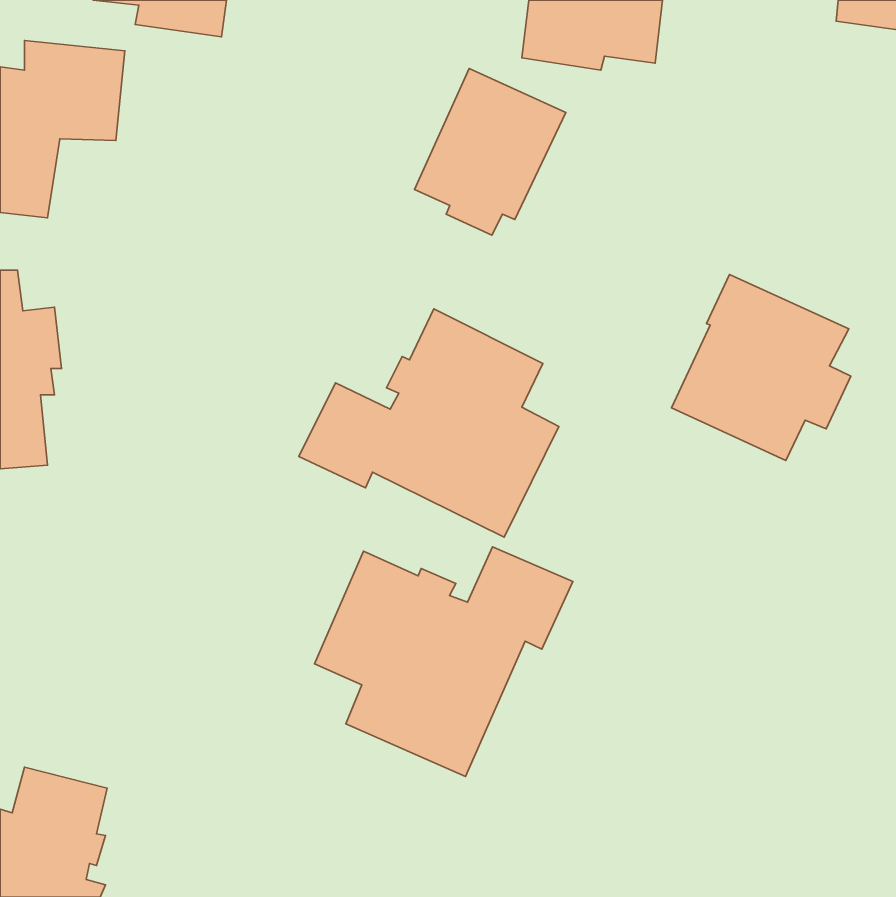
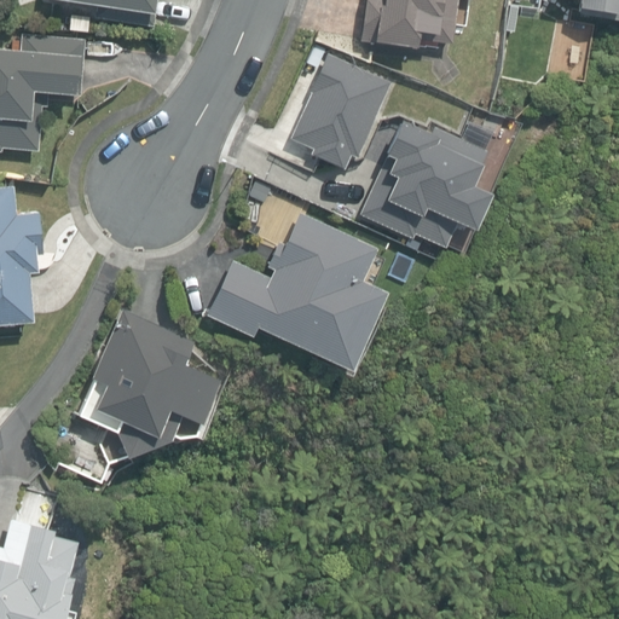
building: [671,274,851,460] -> [360,116,484,244]
building: none -> [77,310,219,456]
building: [315,547,573,777] -> none

